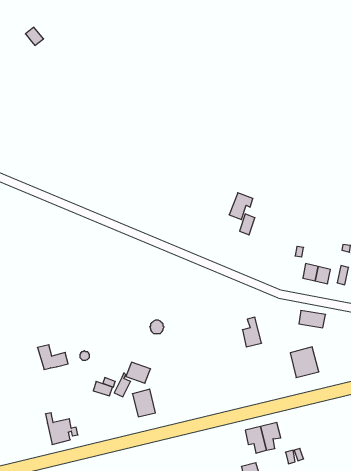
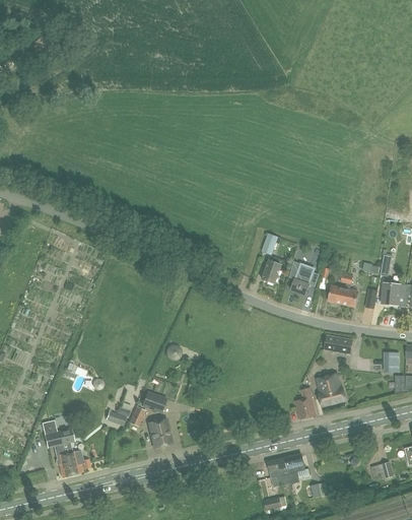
building: [229,193,253,220] -> [261,255,286,283]
building: none -> [288,260,319,294]
building: [242,317,262,347] -> [295,387,316,418]
building: [37,345,68,370] -> [41,419,73,446]

